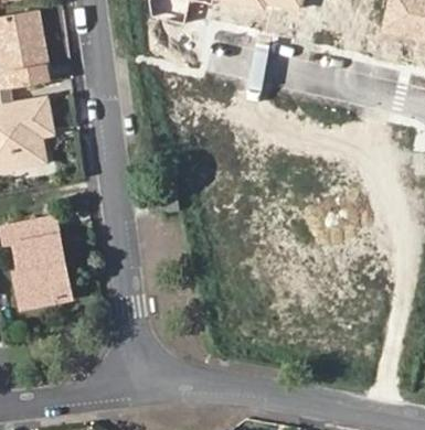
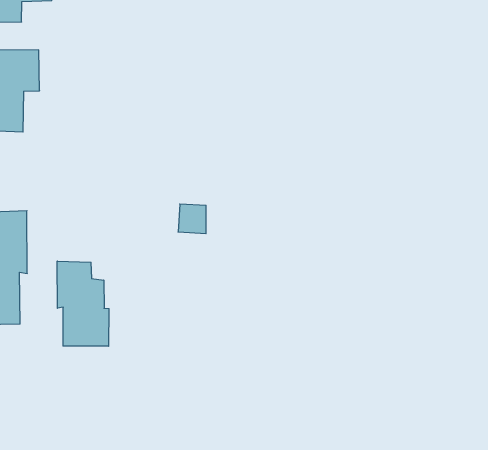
building: none -> [57,261,109,346]

